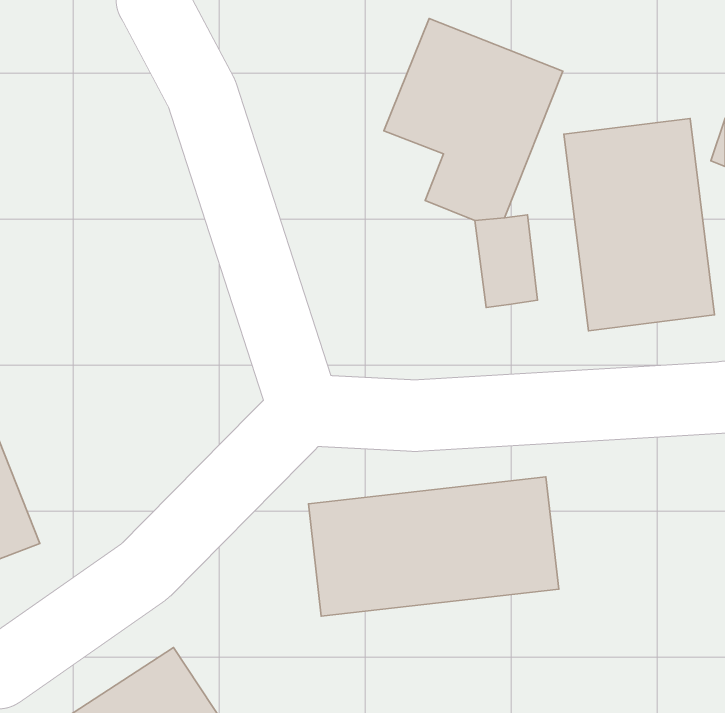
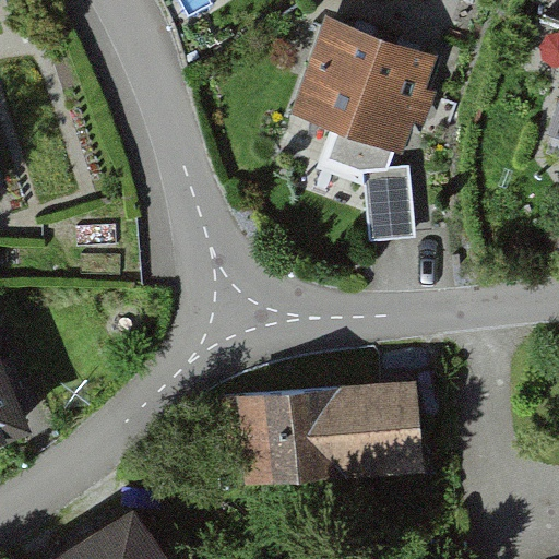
building: [564,118,715,331] -> none

